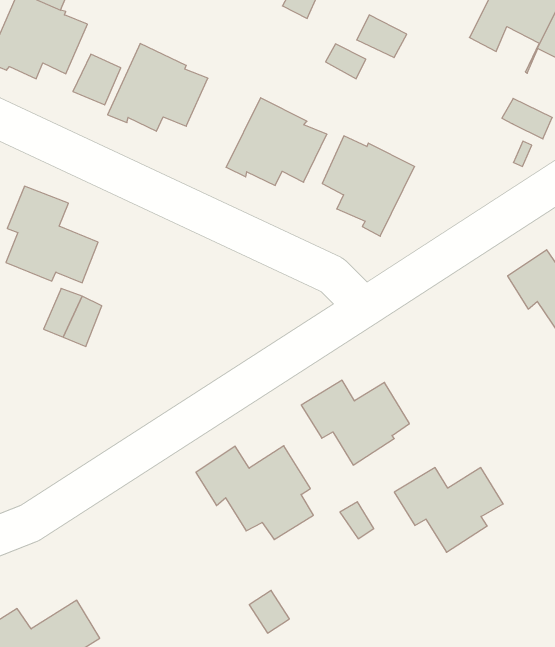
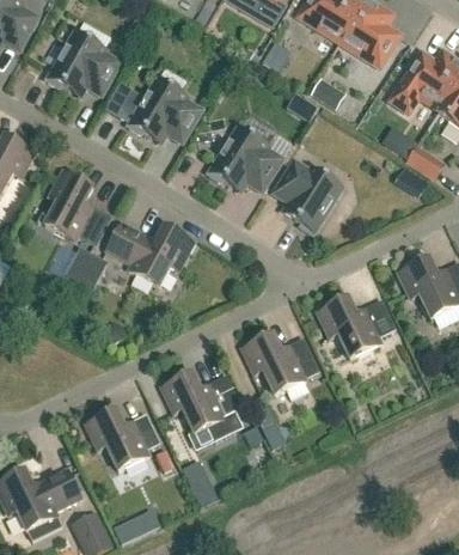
building: none -> [105,221,192,285]
building: [394,468,503,552] -> [317,295,393,356]
building: none -> [85,408,158,469]

